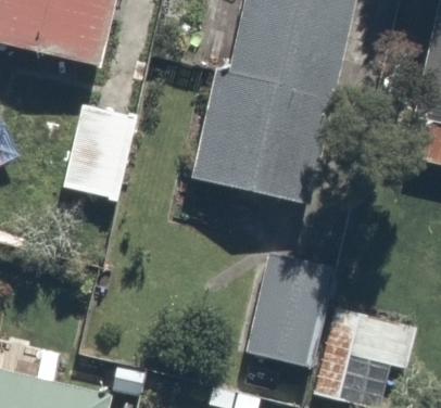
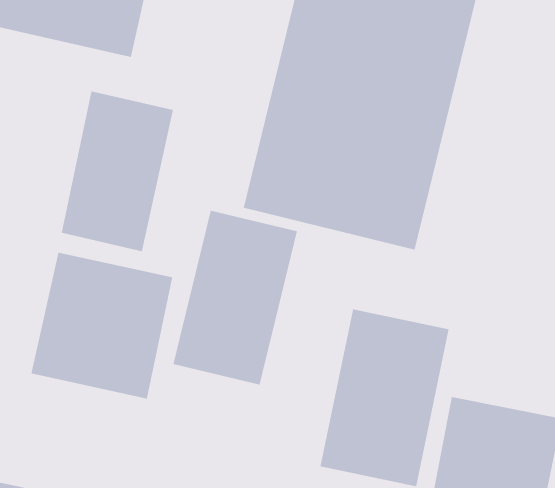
building: none -> [173,210,298,386]
building: none -> [30,252,173,400]

